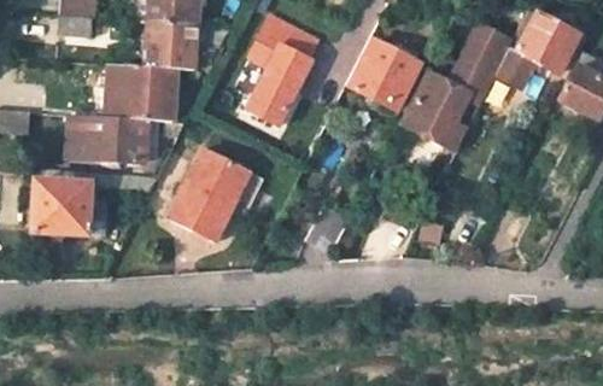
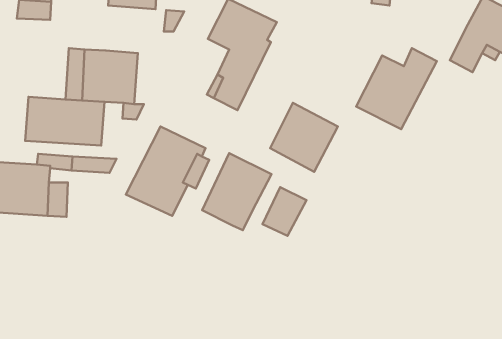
building: [147,21,198,70] -> none
building: [447,22,515,151] -> none
building: [352,42,421,112] -> [270,103,338,172]
building: none -> [202,153,272,230]

